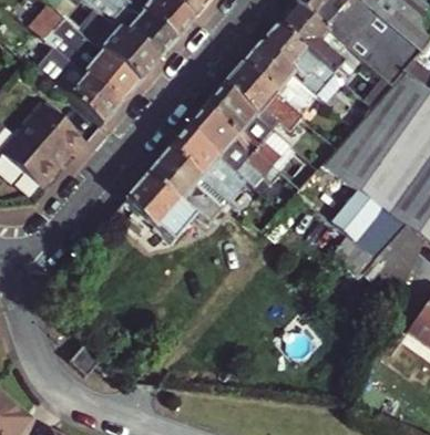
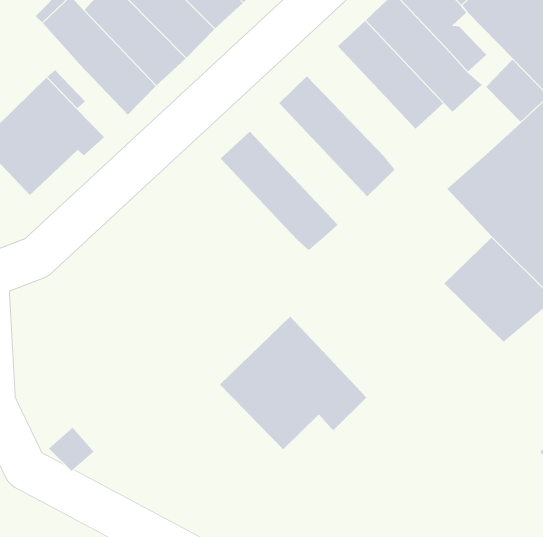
building: [222,63,300,136] -> none
building: [186,106,272,186] -> none
building: [123,148,226,241] -> [219,316,367,450]

